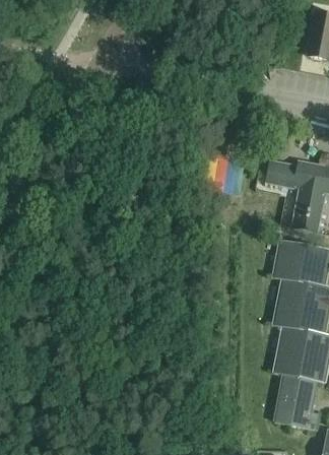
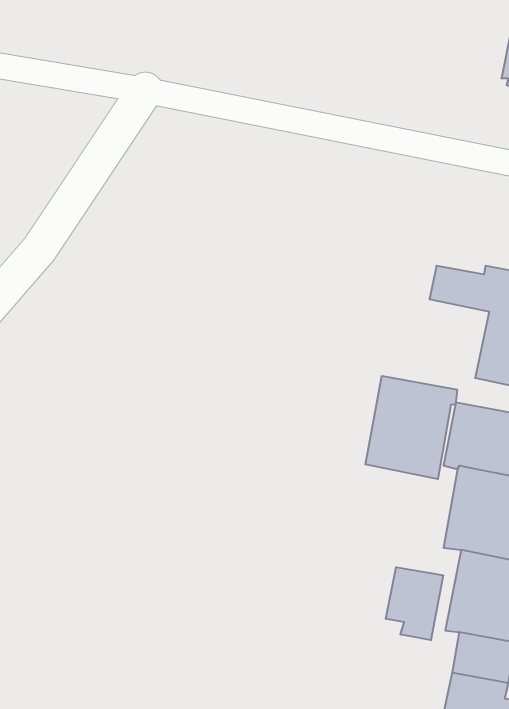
building: none -> [365,376,457,479]
building: none -> [386,567,443,640]

